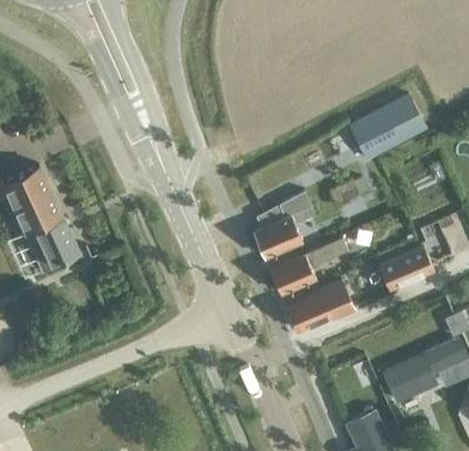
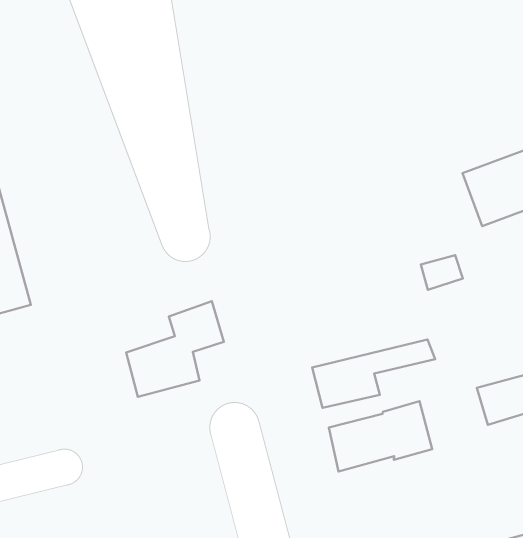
building: [252,188,315,257] -> [126,301,224,397]

